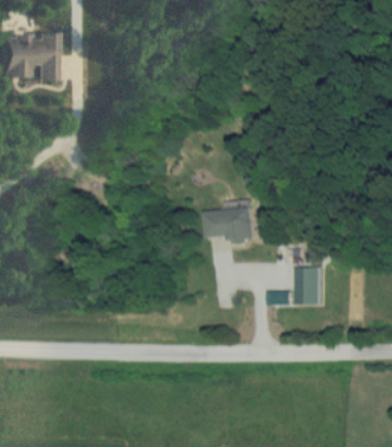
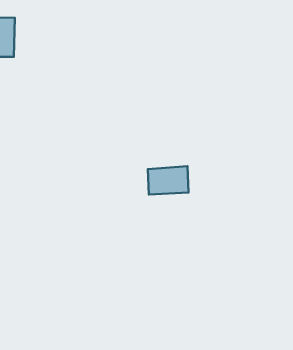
building: [297,268,321,305] -> none

